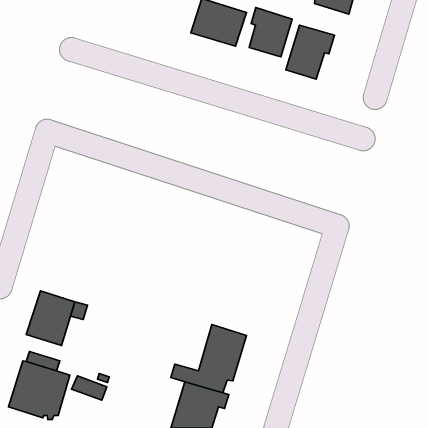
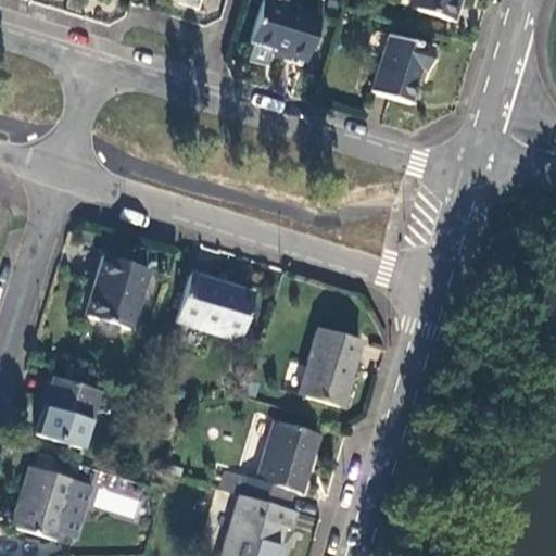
building: [249,8,292,57] -> none
building: none -> [85,254,150,329]
building: none -> [176,274,254,340]
building: none -> [299,329,361,406]

